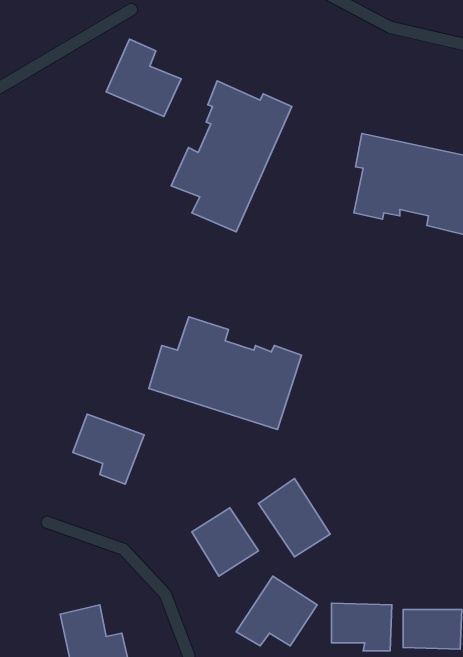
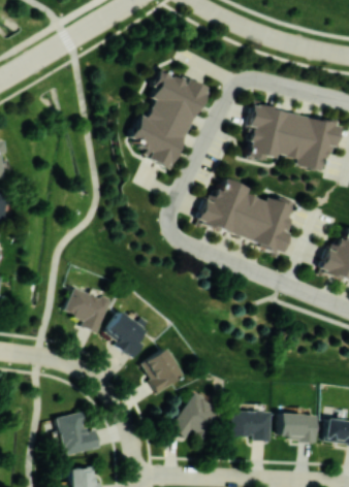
building: [106,39,181,116] -> none
building: [149,317,301,430] -> [197,177,296,251]
building: none -> [105,311,147,358]
building: [258,478,330,557] -> none

